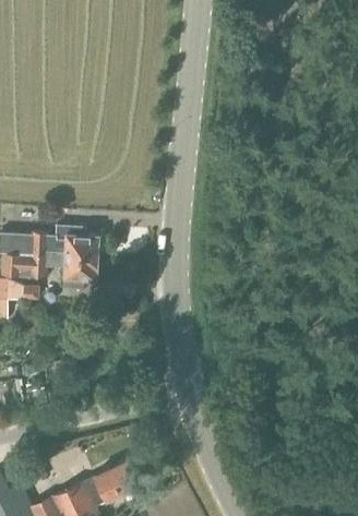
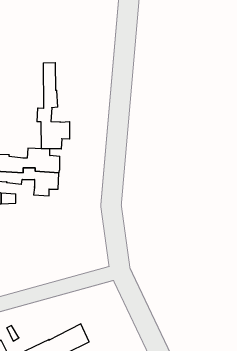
building: none -> [37,63,70,149]

